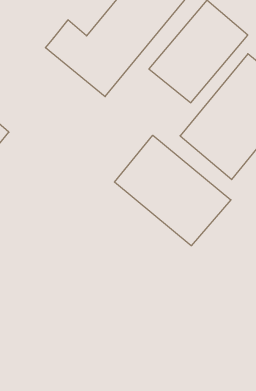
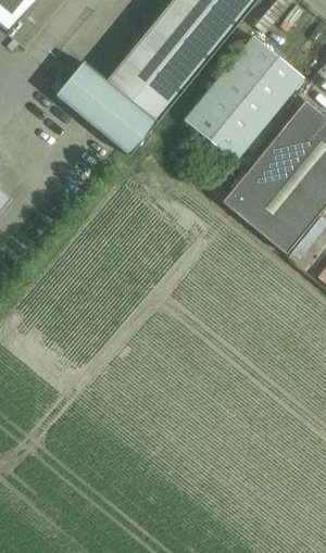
building: [114,135,231,246] -> none

